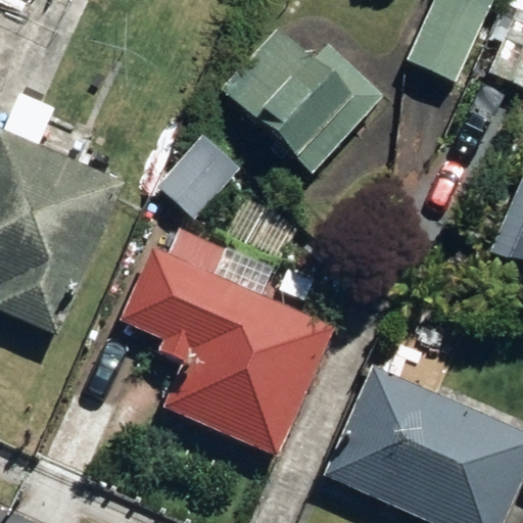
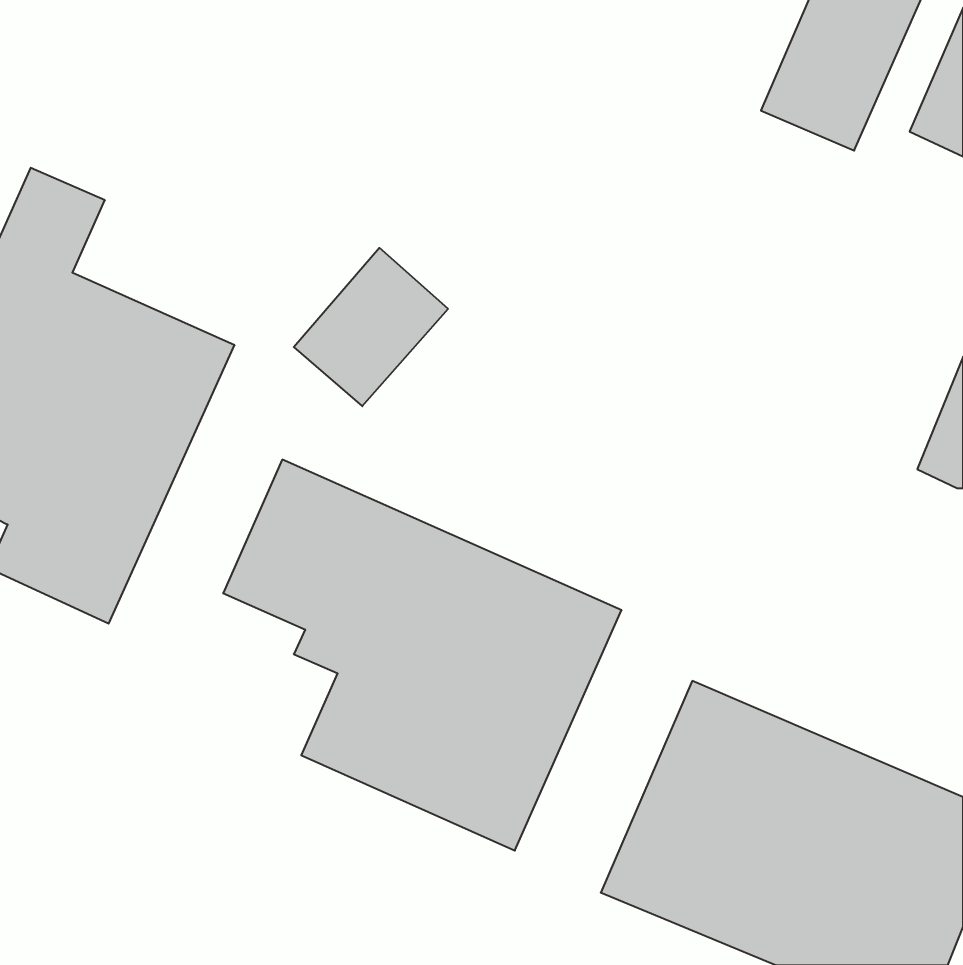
building: [222,29,386,175] -> none

